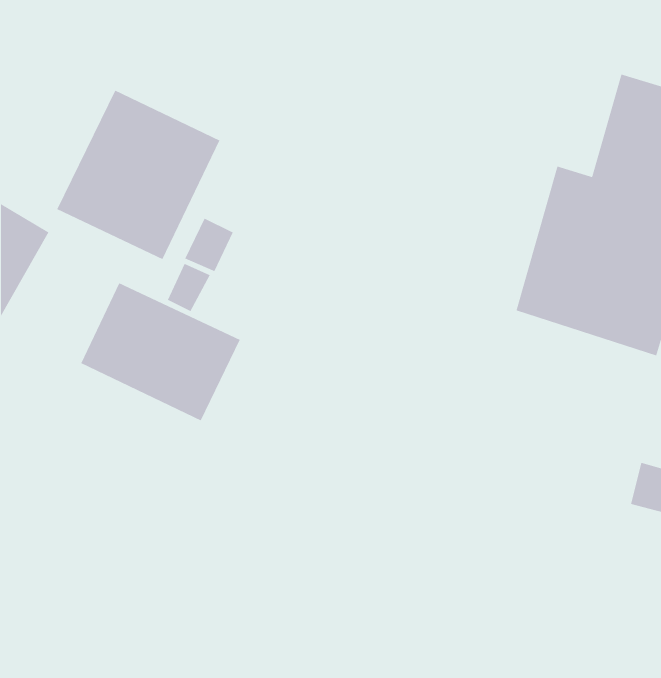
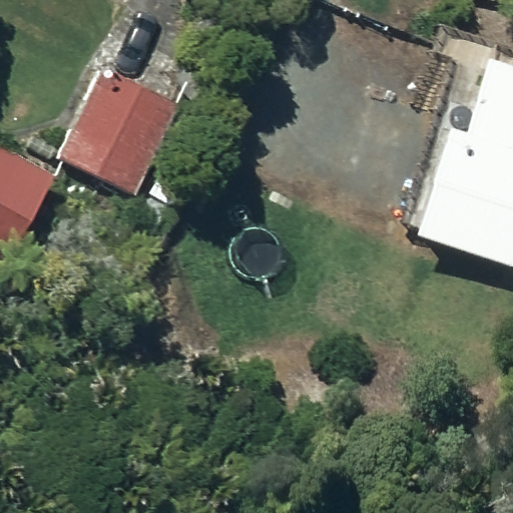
building: [80,282,241,421] -> none

